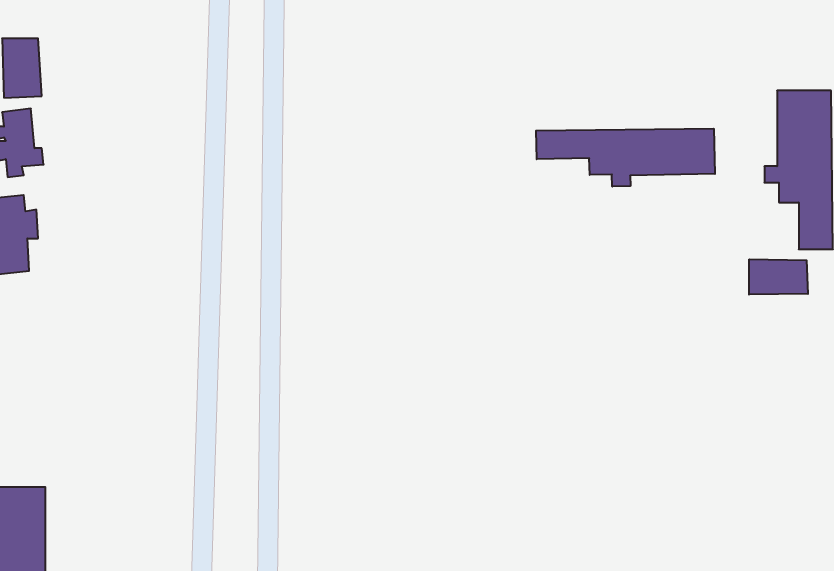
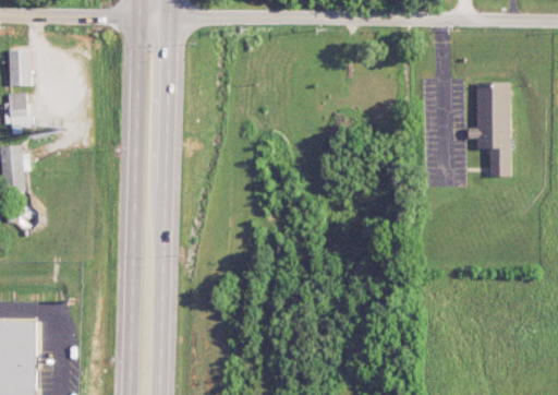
building: [536,129,715,187] -> none
building: [749,259,808,295] -> none

